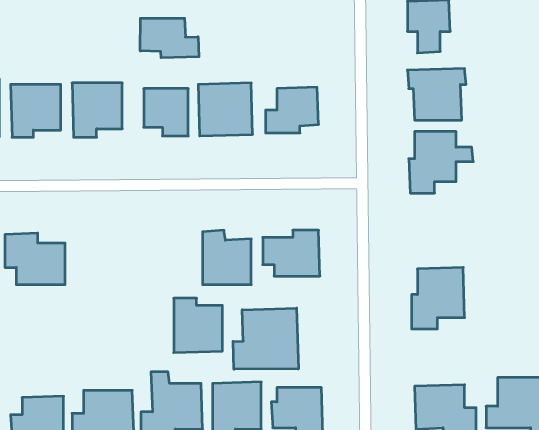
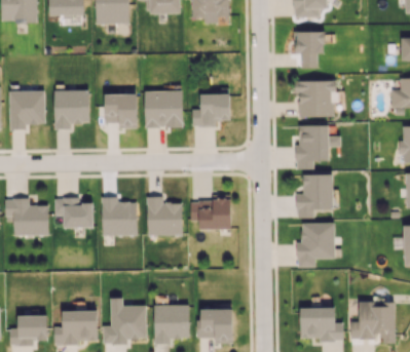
building: [140,18,199,58] -> none
building: none -> [296,174,333,219]
building: none -> [54,198,94,228]
building: [174,298,222,353] -> [102,197,137,236]
building: [233,308,298,369] -> none

